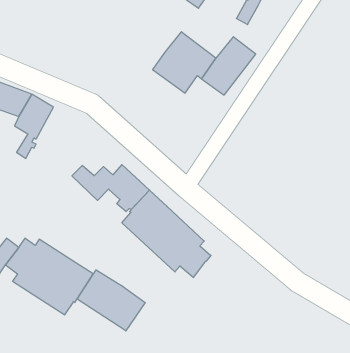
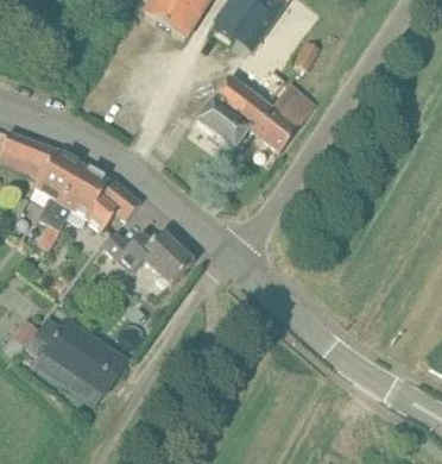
building: none -> [38,164,140,249]
building: [122,190,211,278] -> none
building: [77,270,145,331] -> none

